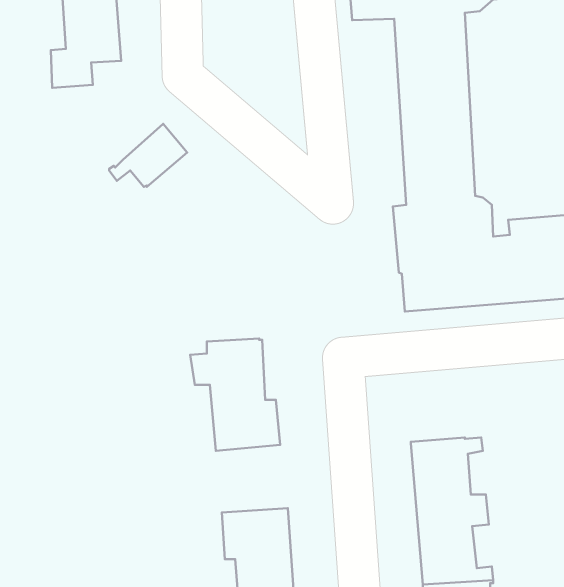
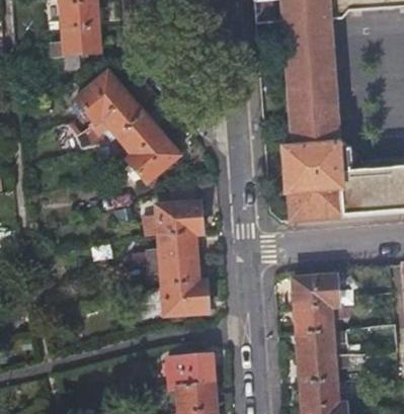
building: none -> [73,71,128,126]
building: none -> [114,113,179,183]
building: none -> [155,202,200,241]
building: none -> [293,274,342,309]

